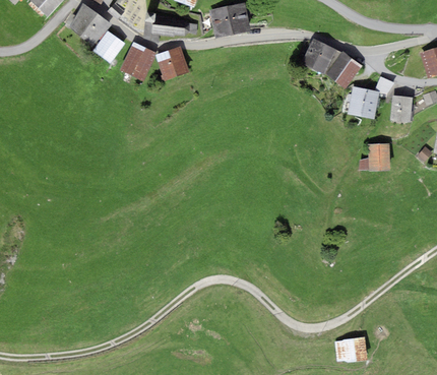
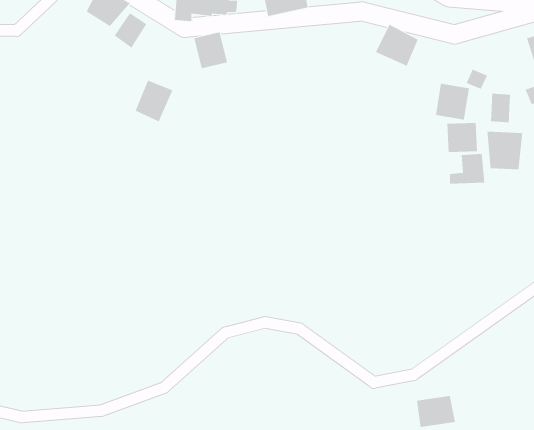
building: [124,44,154,77] -> [135,80,173,122]
building: [328,55,360,87] -> none
building: none -> [447,122,478,153]
building: none -> [487,131,523,170]

